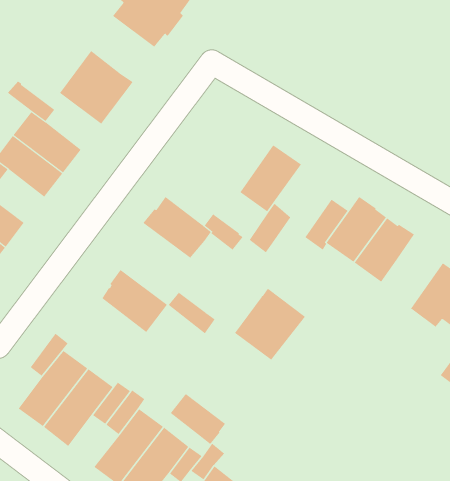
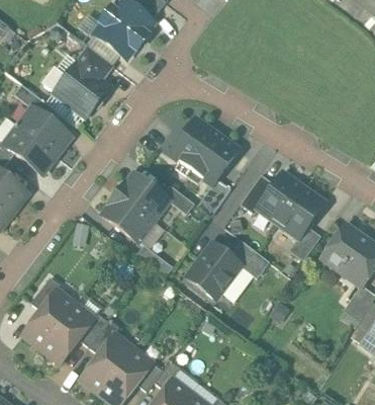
building: none -> [77,47,111,79]
building: none -> [169,118,215,169]
building: none -> [288,226,320,260]
building: [102,269,168,333] -> [102,192,153,241]
building: none -> [228,239,269,277]
building: [170,393,226,445] -> none

